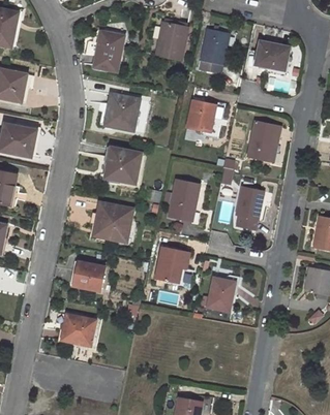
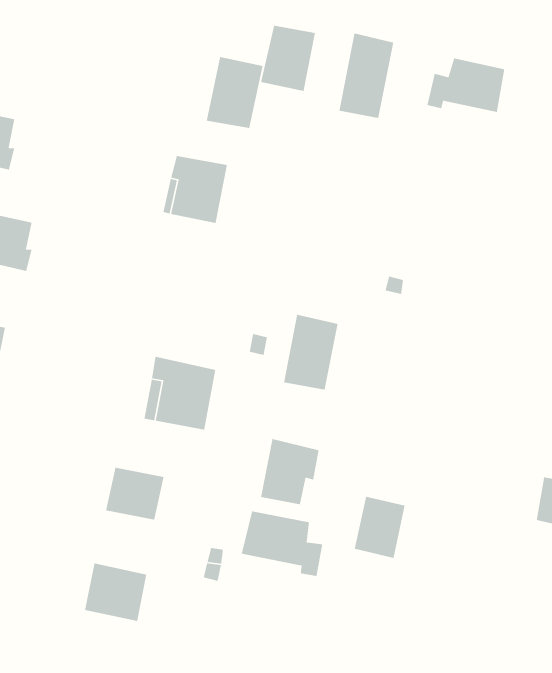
building: [93,31,124,70] -> [206,56,263,129]
building: [187,99,215,131] -> none
building: [248,120,276,160] -> none
building: [104,147,142,183] -> none
building: [236,186,264,229] -> none
building: none -> [241,510,323,577]

